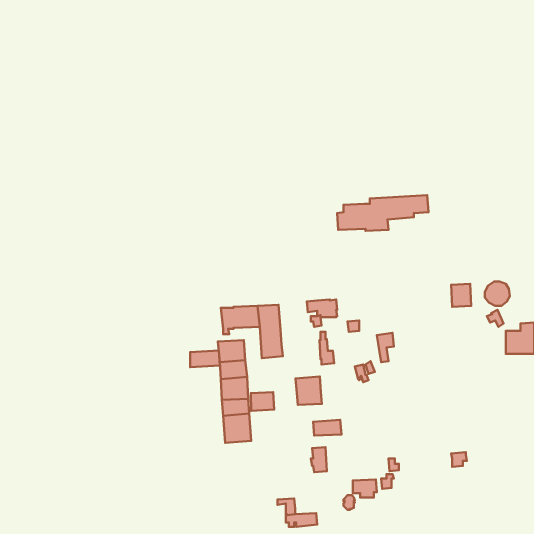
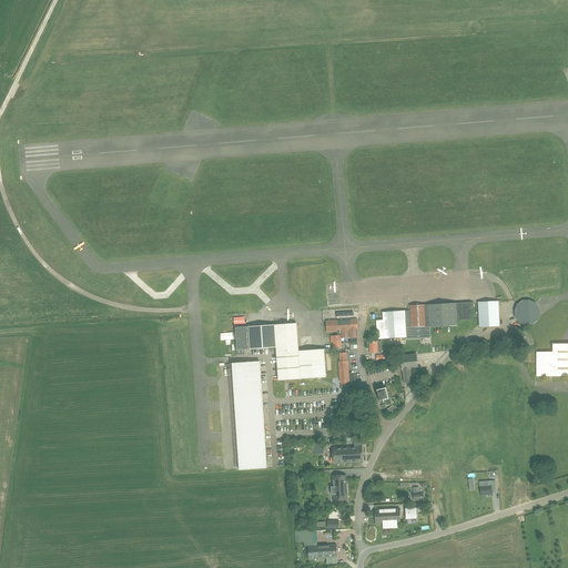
building: [337,195,428,231] -> [375,301,471,338]
building: [190,351,220,367] -> none
building: [296,377,322,405] -> [297,347,325,377]
building: [251,392,274,411] -> none

